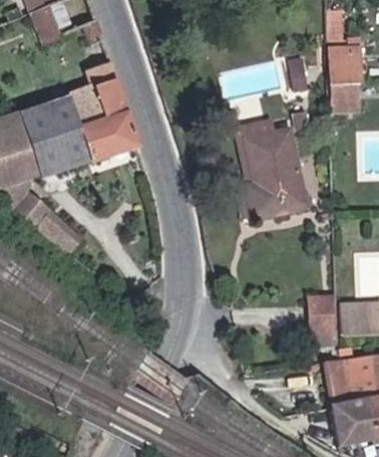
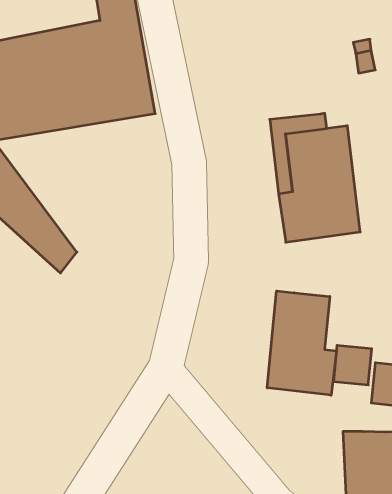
building: none -> [267,291,336,395]

